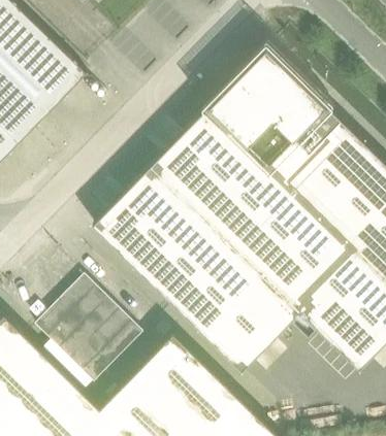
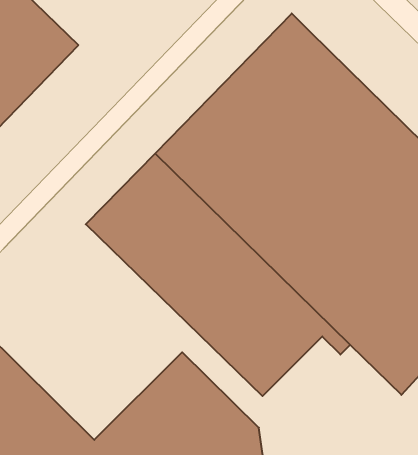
building: [33,276,141,384] -> none

